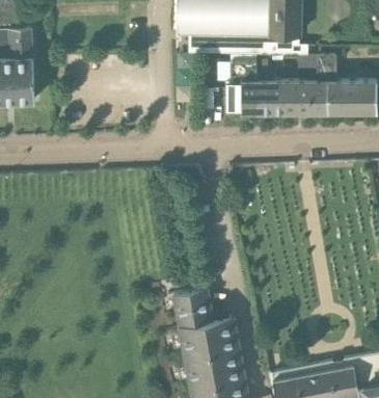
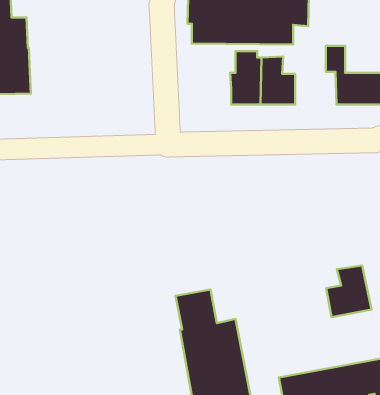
building: [288,55,327,111] -> none
building: none -> [326,266,372,317]

